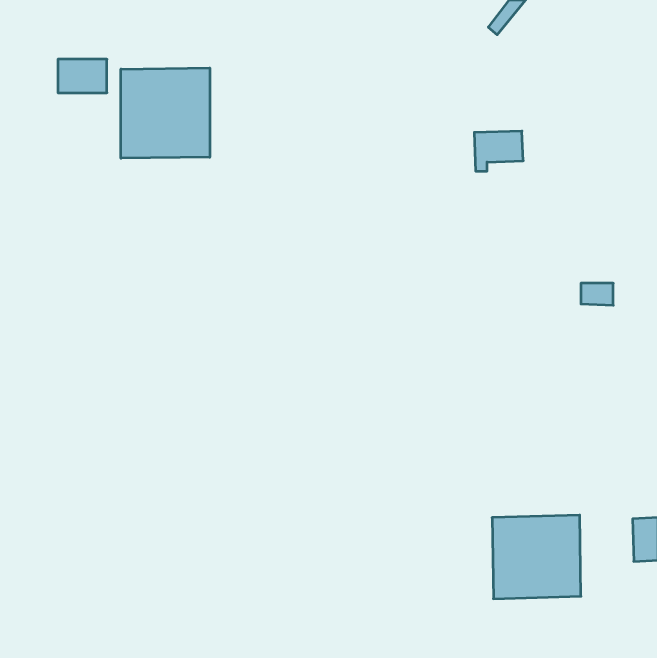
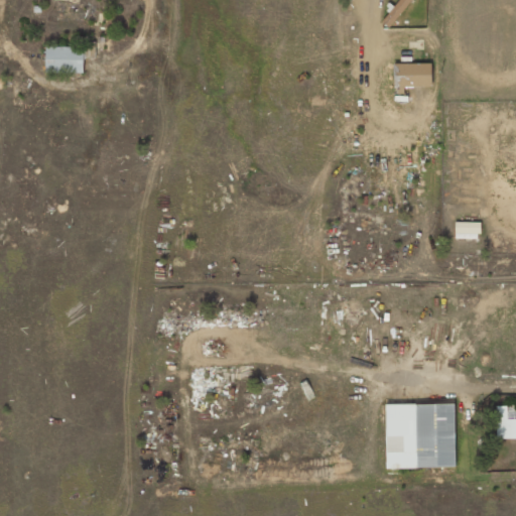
building: [121,68,210,158] -> none
building: [474,131,523,171] -> [395,62,433,94]

